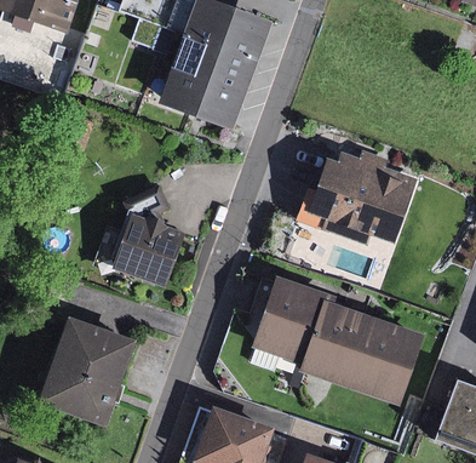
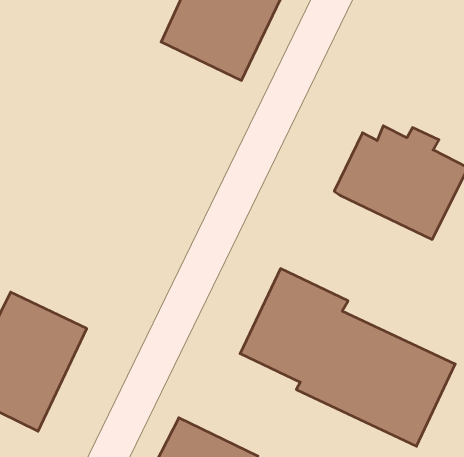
building: [113,217,182,288] -> none

